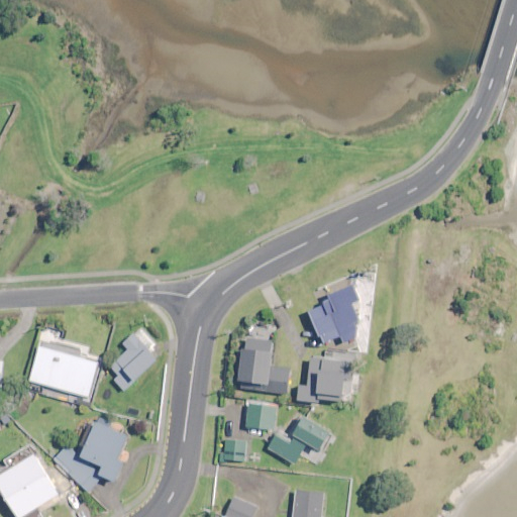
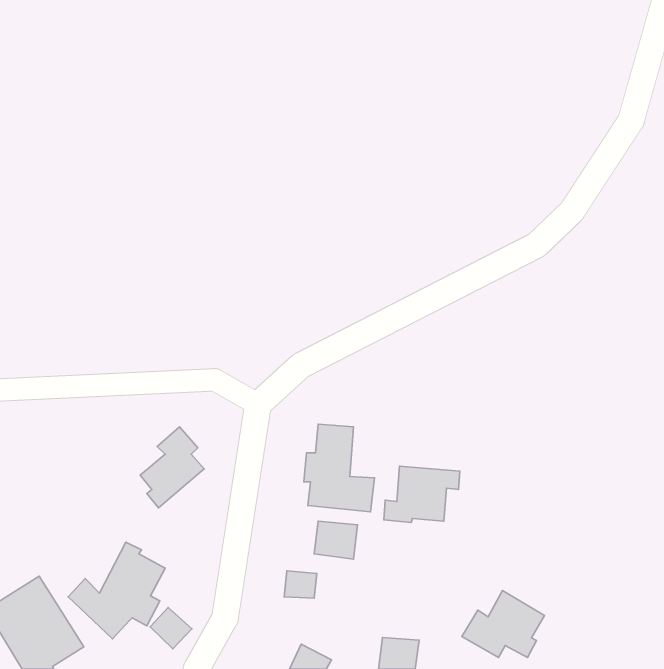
building: [309,285,359,343] -> none
building: [27,327,98,398] -> none
building: [266,414,329,466] -> [462,591,544,657]
building: none -> [150,608,192,649]

